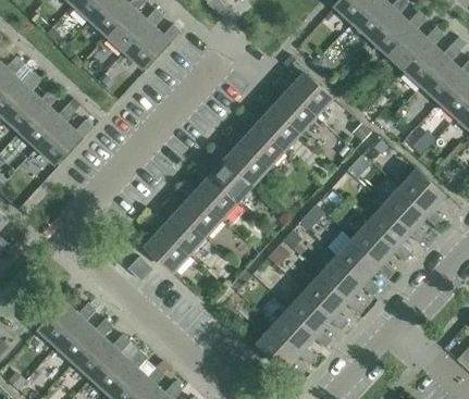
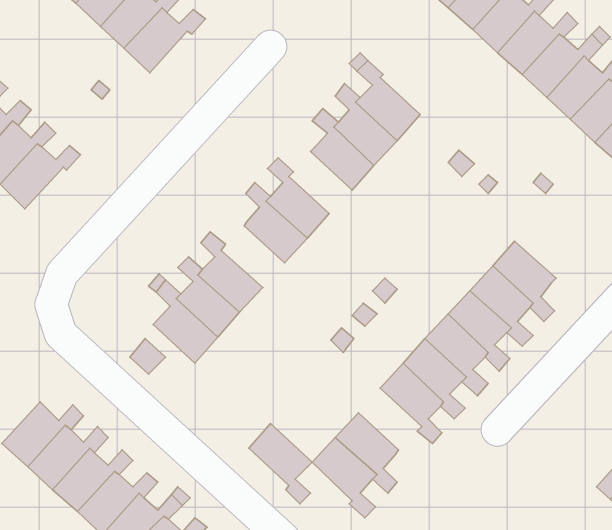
building: [239,112,284,169] -> none
building: [192,164,236,221] -> none
building: [398,170,444,227] -> none
building: [288,291,333,348] -> [249,424,312,504]

